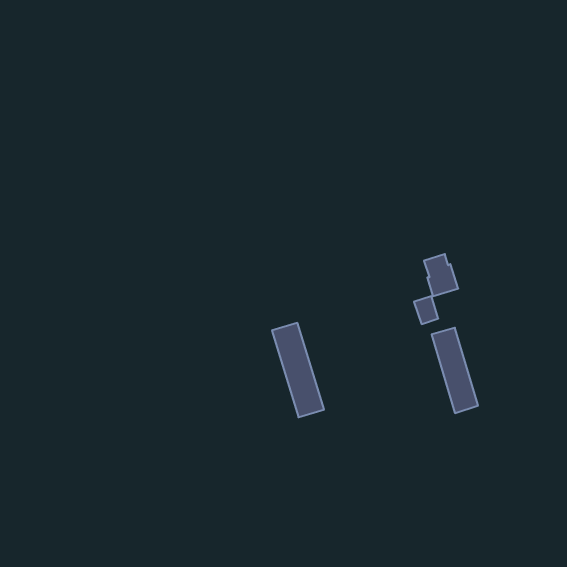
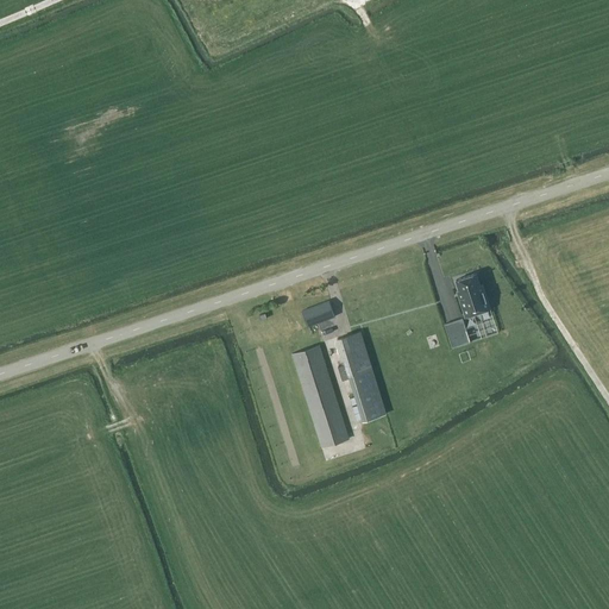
building: none -> [301,300,335,327]
building: [432,328,478,413] -> [337,331,387,422]

